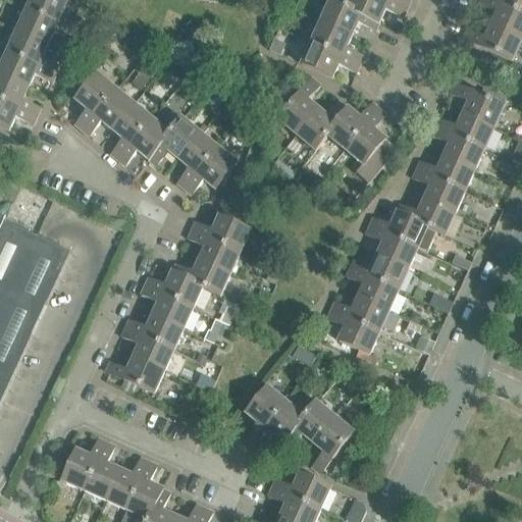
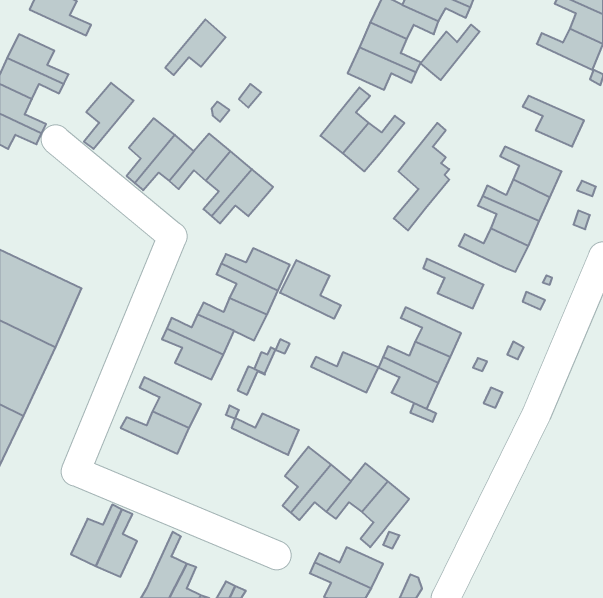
building: [16,8,74,44] -> none
building: [81,87,133,135] -> [165,19,226,75]
building: [326,100,377,148] -> [420,25,480,80]
building: [435,112,493,148] -> none
building: [368,212,434,250] -> none
building: none -> [280,260,341,319]
building: [350,253,408,288] -> [311,352,378,392]
building: [124,313,182,349] -> [232,414,299,455]
building: [104,455,149,508] -> none

